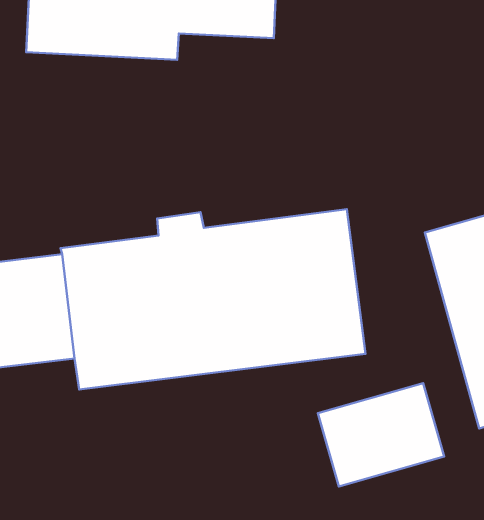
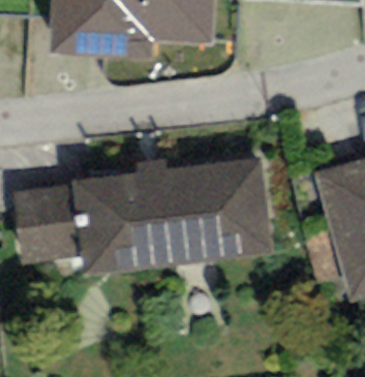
building: [318,383,444,486] -> none

